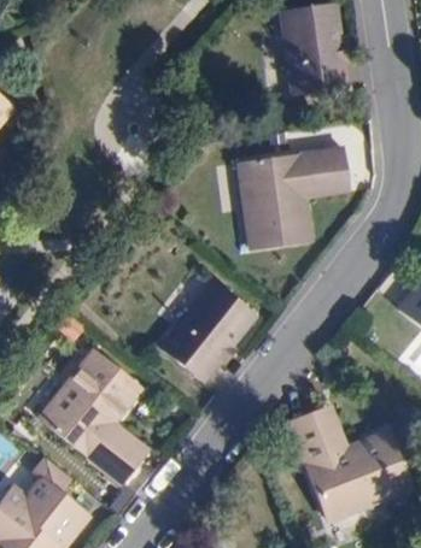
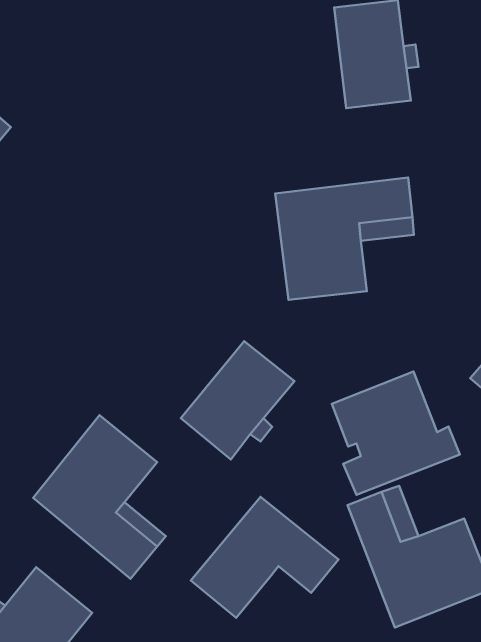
building: none -> [332,372,460,495]
building: none -> [191,497,339,618]

